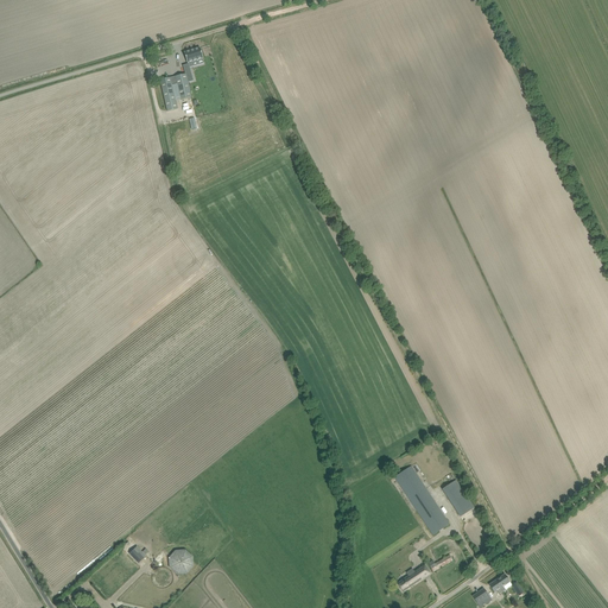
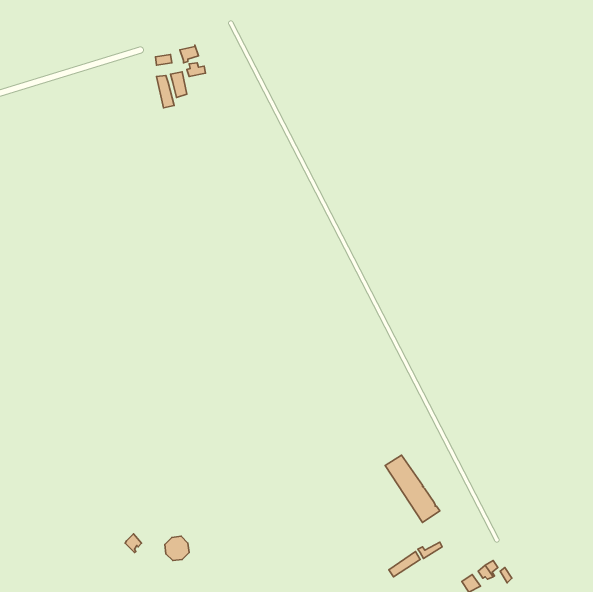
building: [442,479,474,517] -> none

